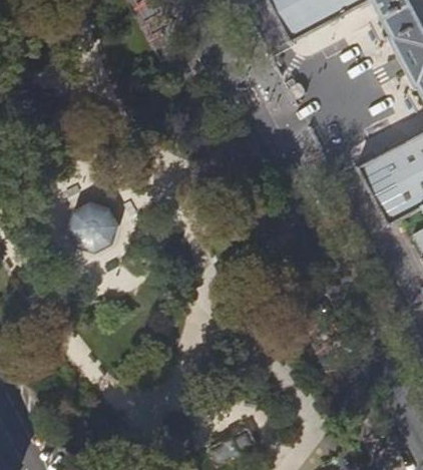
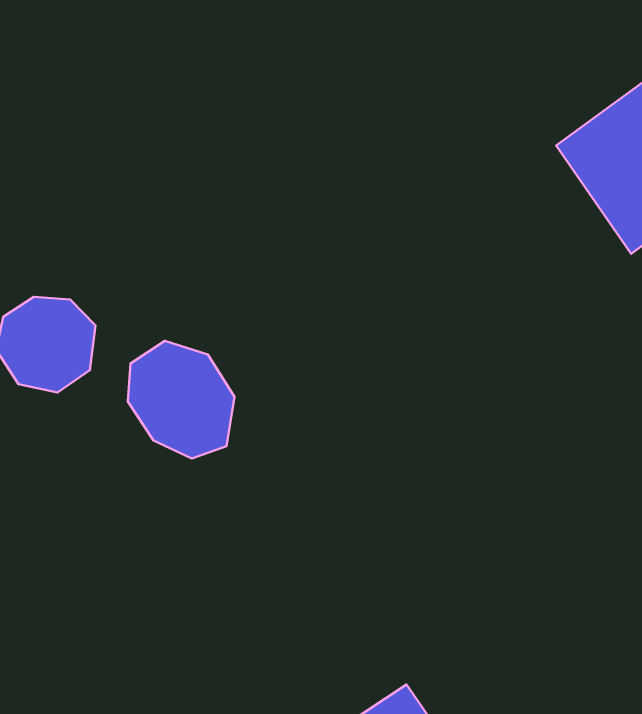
building: none -> [128,341,234,458]

